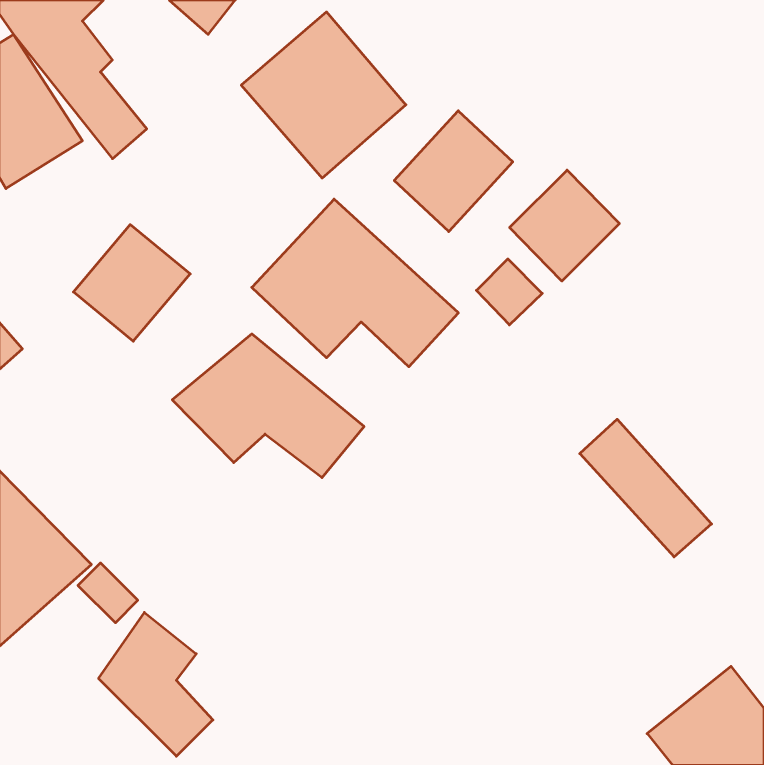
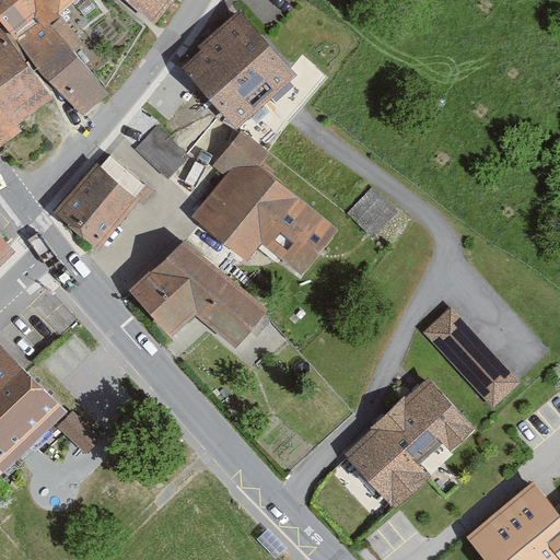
building: [394,111,513,232] -> none
building: [510,170,619,281] -> none
building: none -> [140,127,185,175]
building: none -> [341,377,475,511]
building: [99,612,213,756] -> none

